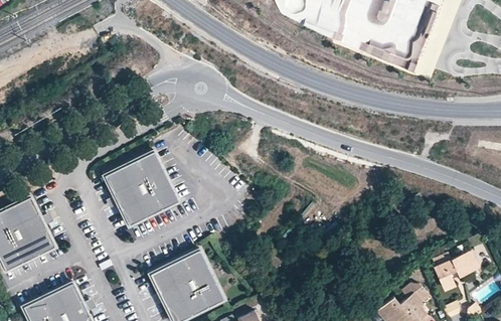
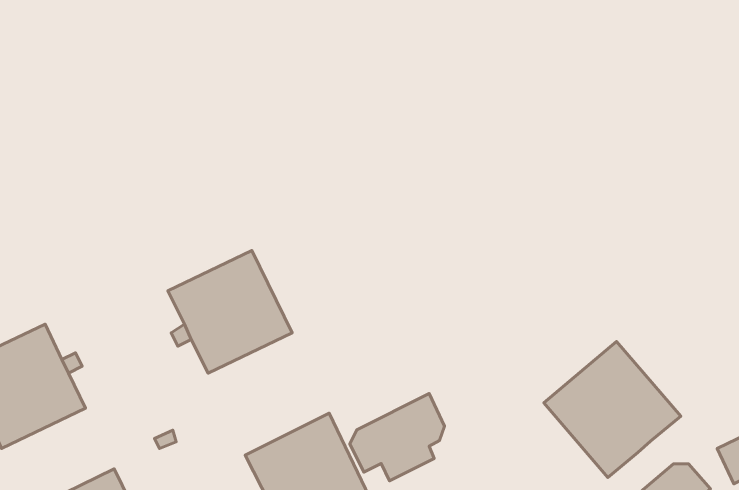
building: none -> [544,341,681,478]
building: none -> [350,394,445,481]

